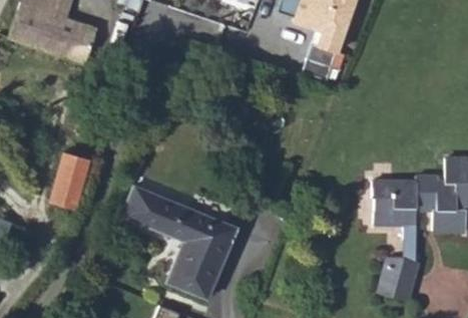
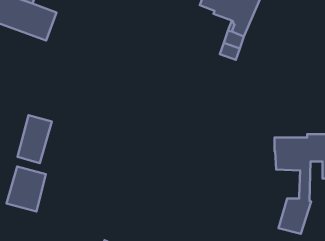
building: [121,188,235,297] -> none
building: none -> [7,167,46,212]

